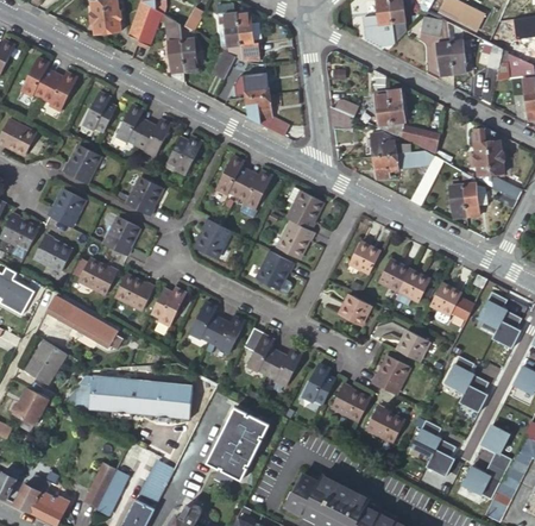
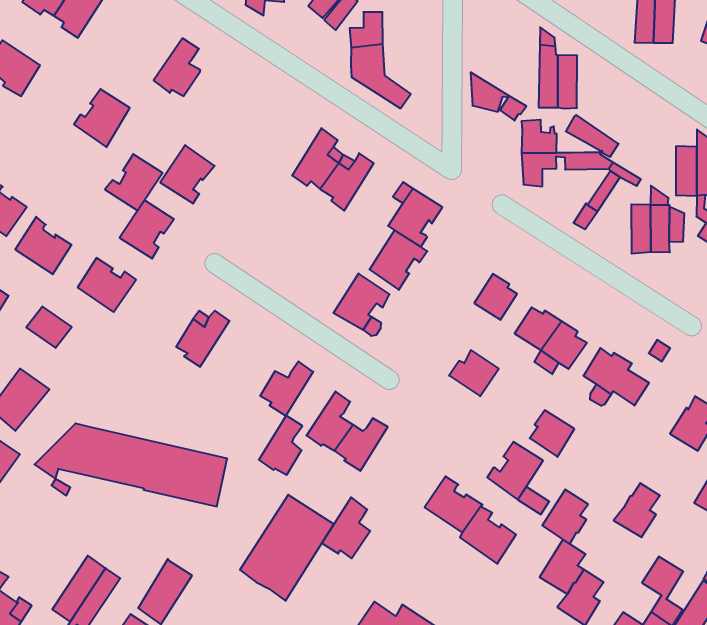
building: [82,92,112,132] -> none
building: [136,118,170,155] -> none
building: [166,134,201,175] -> none
building: [45,188,83,226] -> [105,154,163,210]
building: [193,219,227,259] -> none
building: [114,276,152,311] -> none
building: [477,292,505,328] -> none
building: [189,301,218,342] -> [259,416,302,475]
building: [67,308,117,346] -> none
building: [445,355,474,392] -> [542,489,588,544]
building: [300,363,332,405] -> [322,497,370,558]

